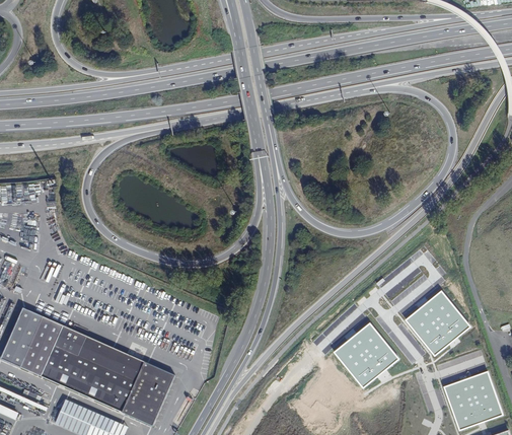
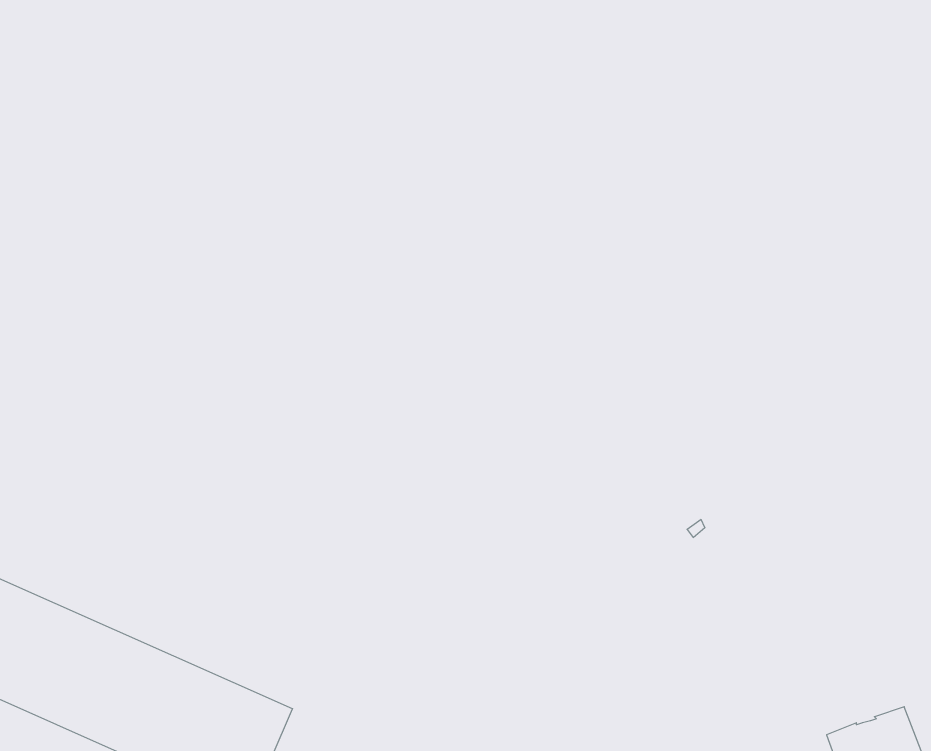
building: [407,293,468,354] -> none
building: [336,324,397,386] -> none

